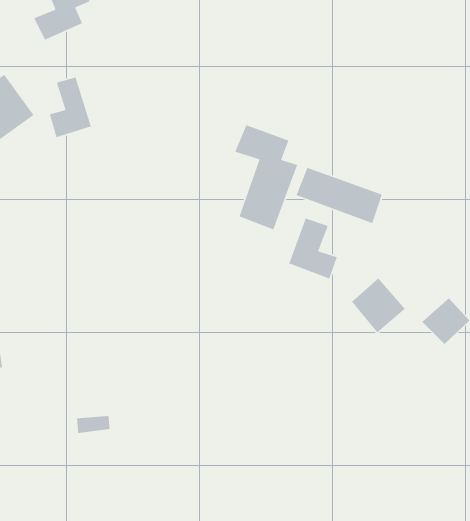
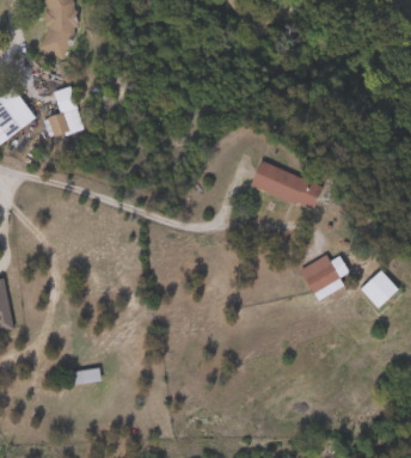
building: [234,124,298,230] -> none
building: [288,217,338,280] -> none

